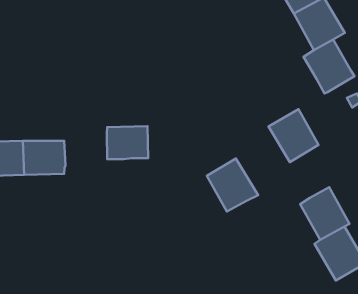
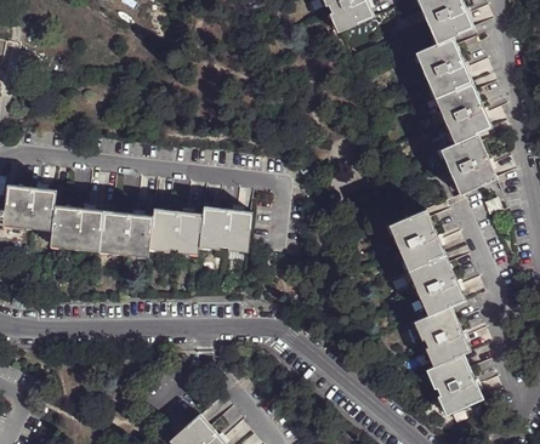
building: none -> [146,206,199,250]
building: [207,159,258,211] -> [409,257,466,318]

